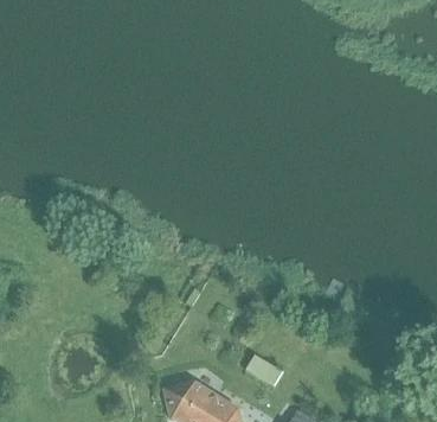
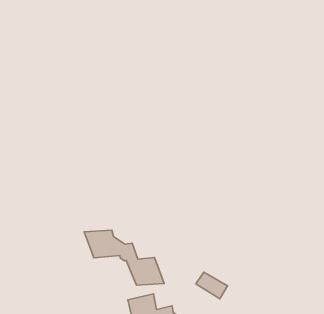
building: none -> [84,230,164,285]

